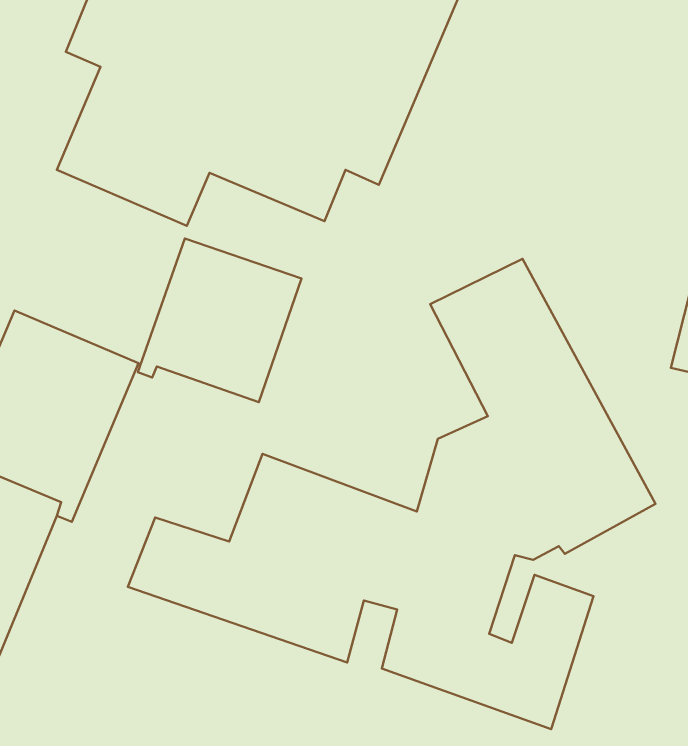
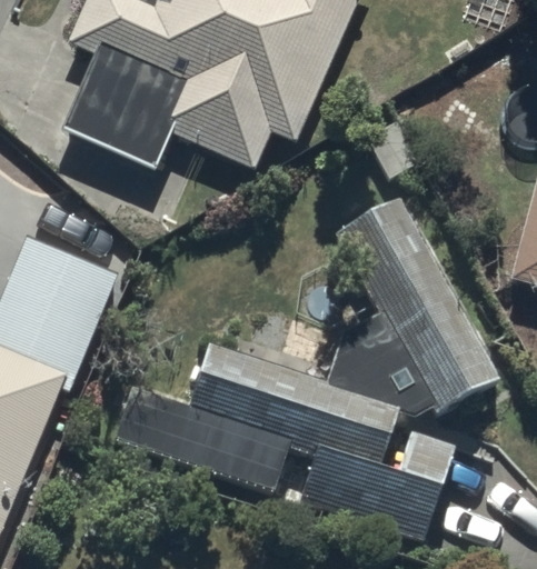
building: [138,238,302,402] -> none

